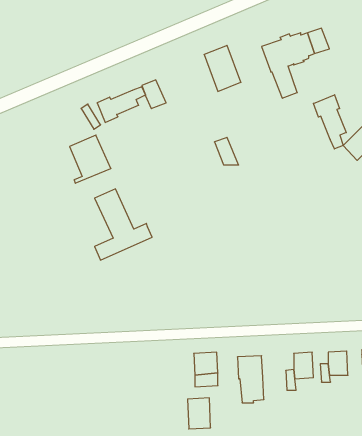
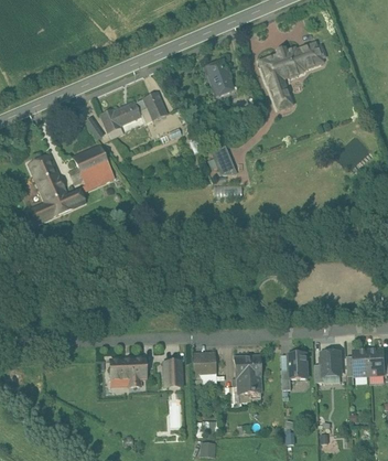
building: [313,95,346,149] -> none
building: [95,189,152,260] -> [29,153,84,222]
building: none -> [110,358,146,385]
building: [188,398,211,429] -> [161,357,183,387]

